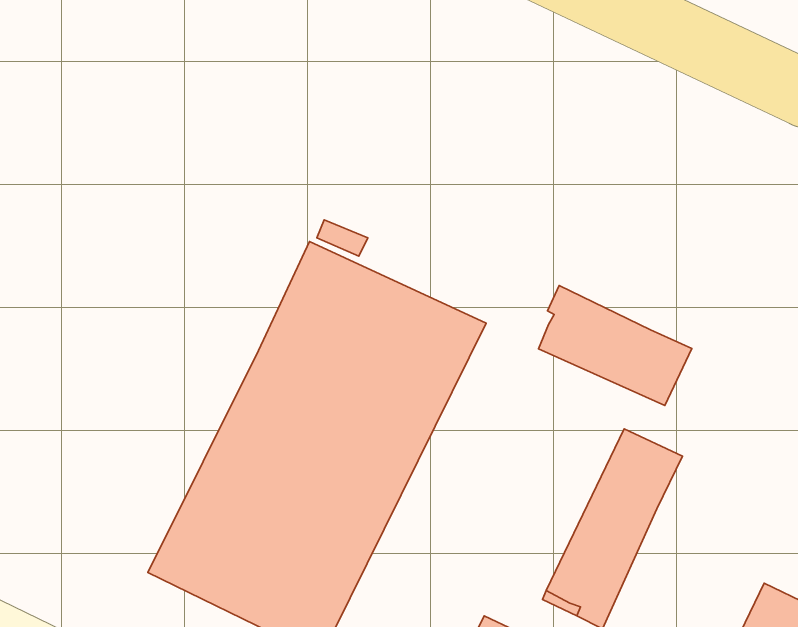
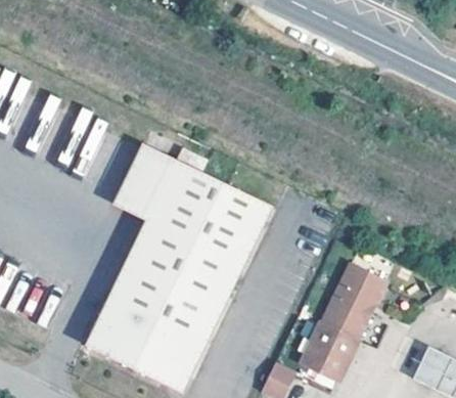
building: none -> [113,142,175,221]
building: [538,285,692,406] -> none

